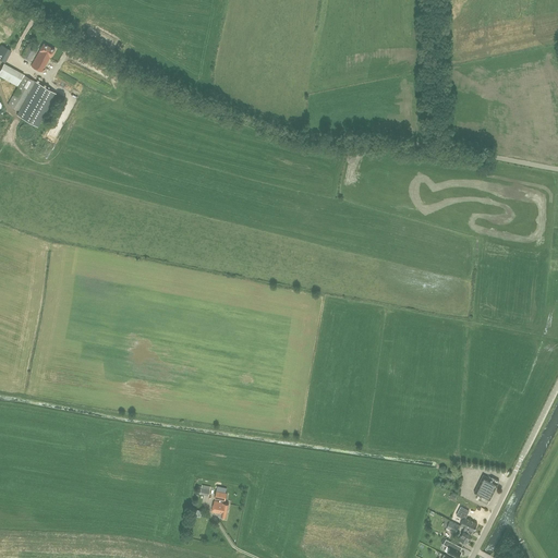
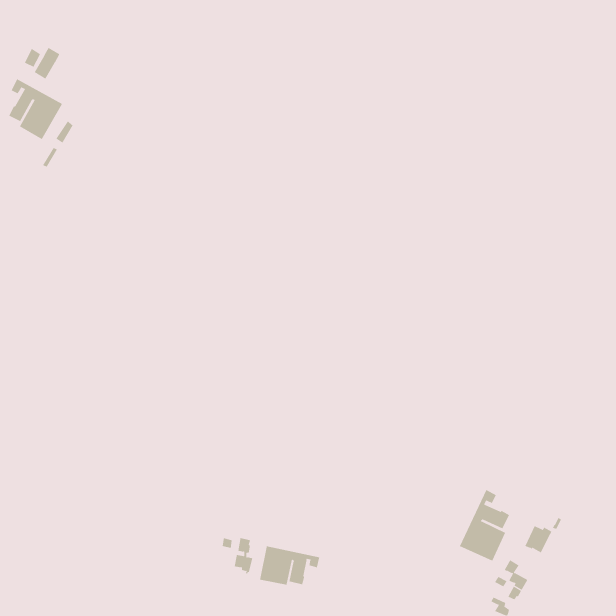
building: none -> [459,489,510,562]
building: none -> [260,545,320,586]

